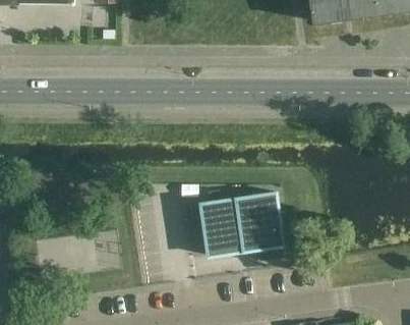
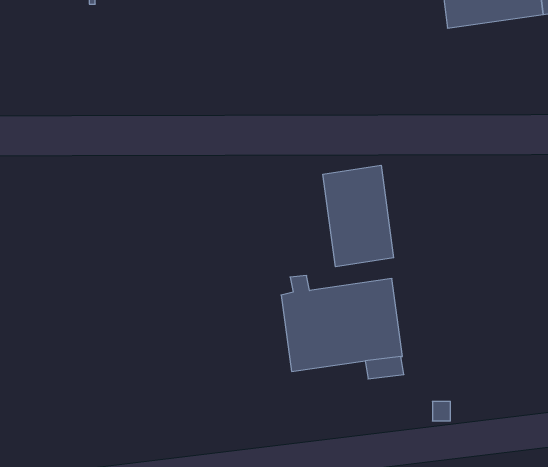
building: none -> [323,165,394,267]

